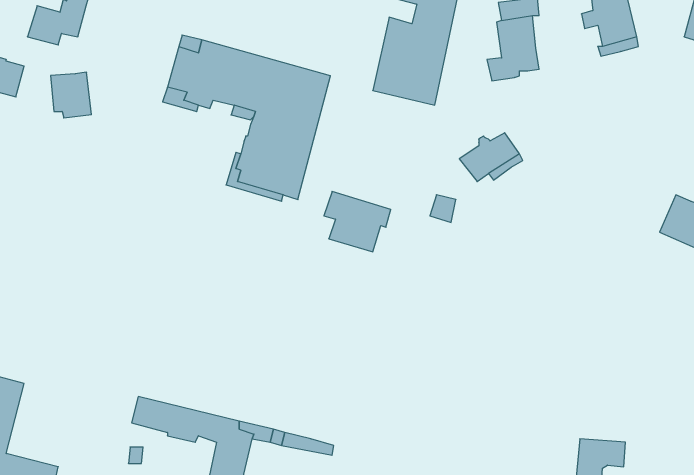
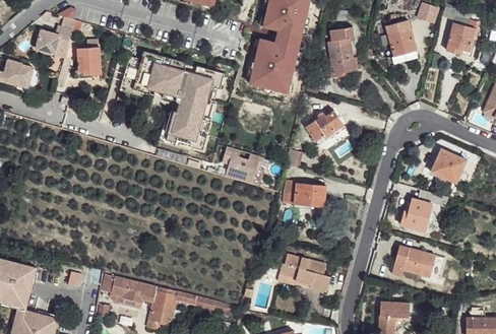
building: [51,72,91,118] -> [77,48,103,76]
building: none -> [294,183,324,205]
building: none -> [398,190,445,231]
building: none -> [391,247,434,278]
building: none -> [276,252,331,292]

